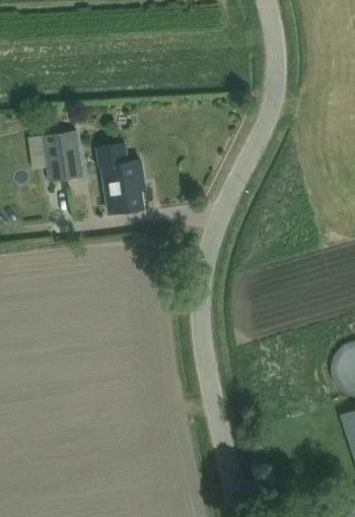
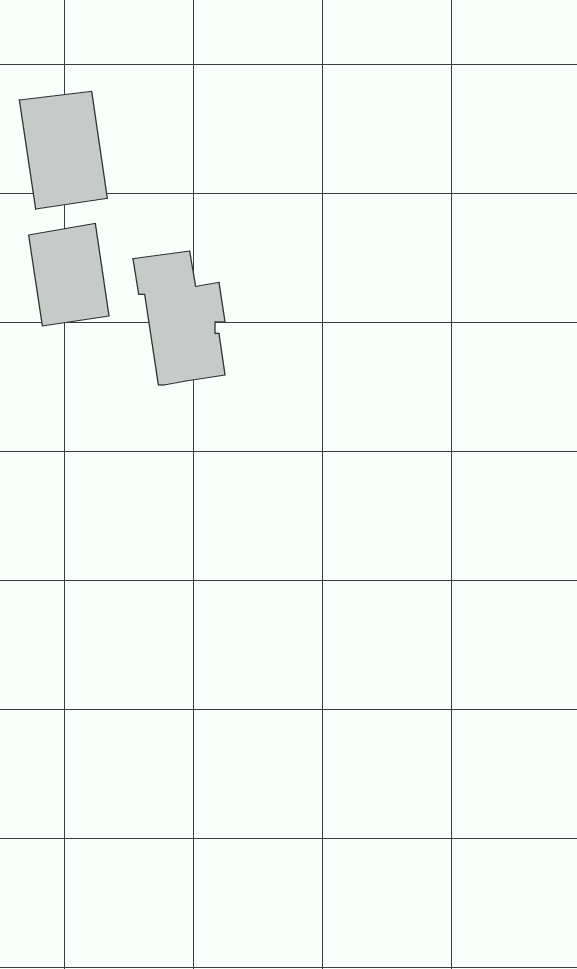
building: none -> [19,91,107,209]

